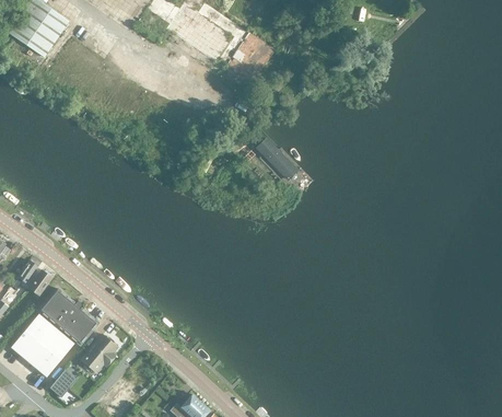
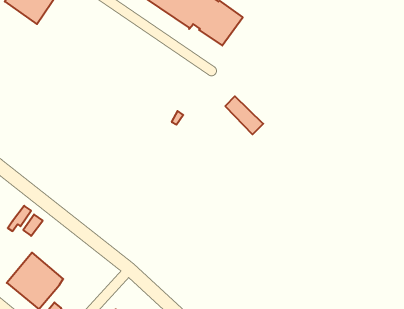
building: [38,288,98,345] -> none
building: [84,334,117,368] -> none

